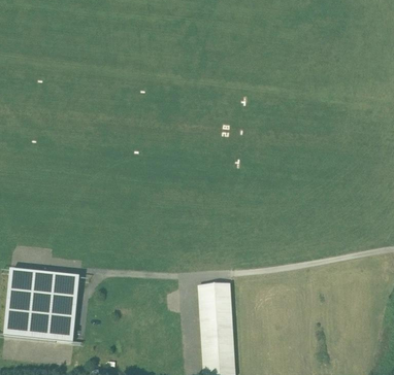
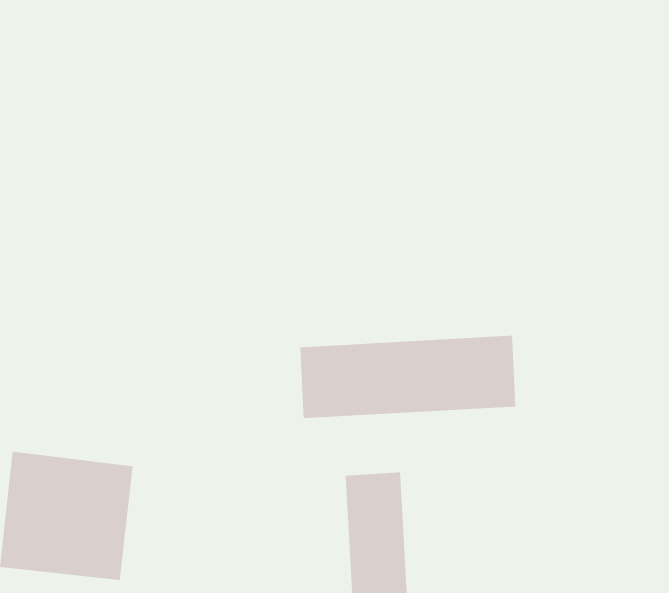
building: none -> [300,335,516,419]

